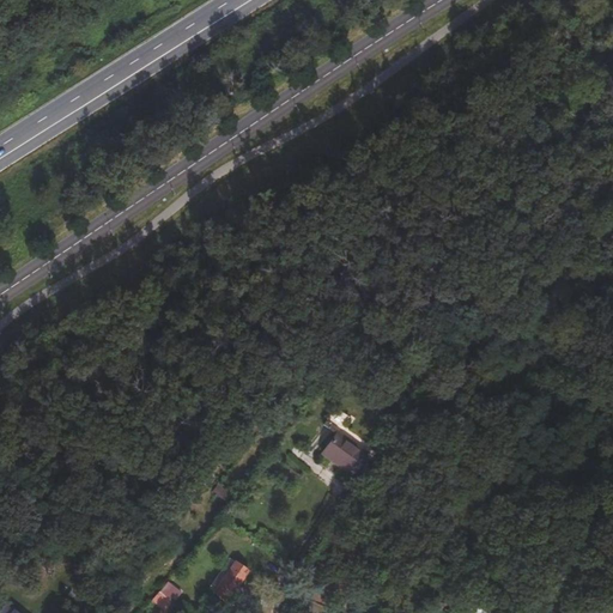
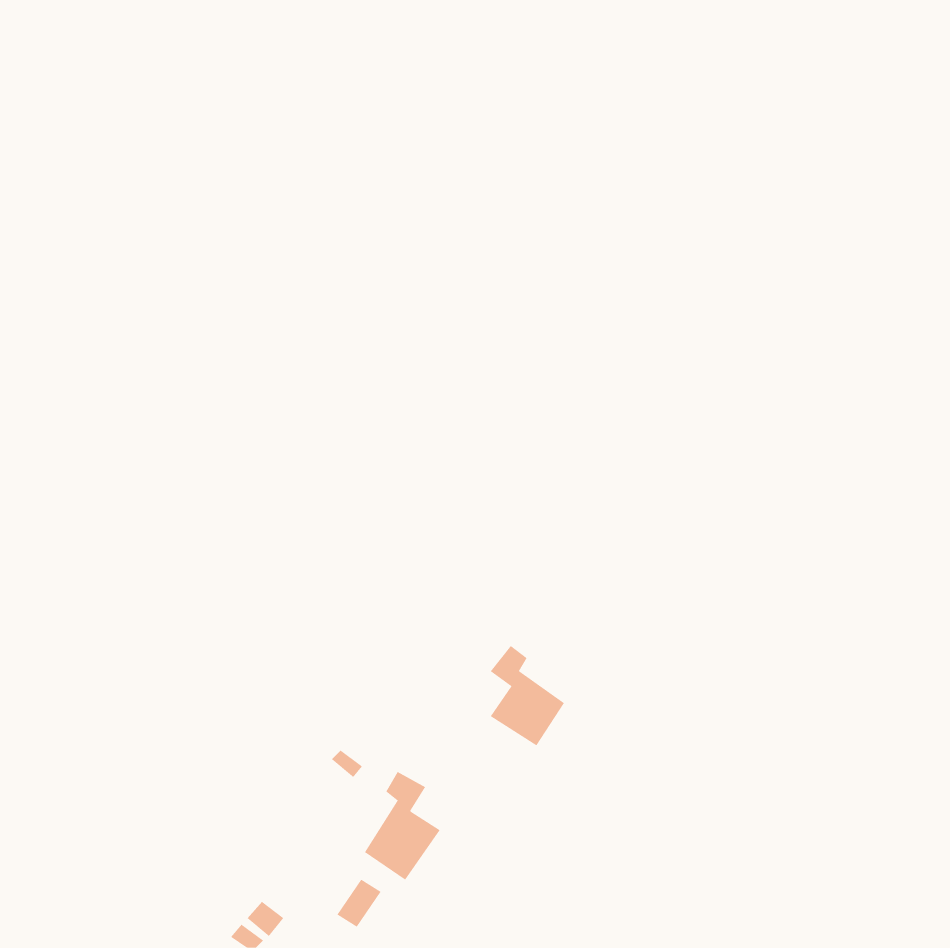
building: none -> [364,771,441,880]

